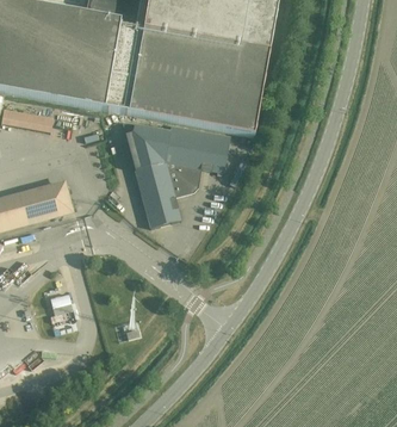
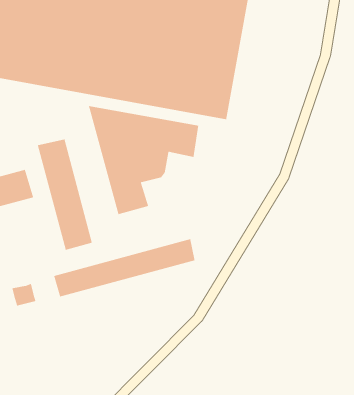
building: none -> [37,138,93,251]
building: none -> [53,238,196,298]

